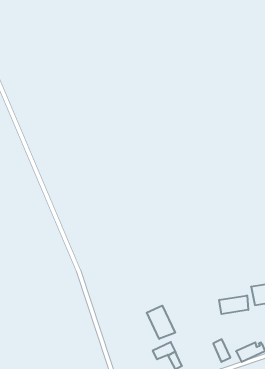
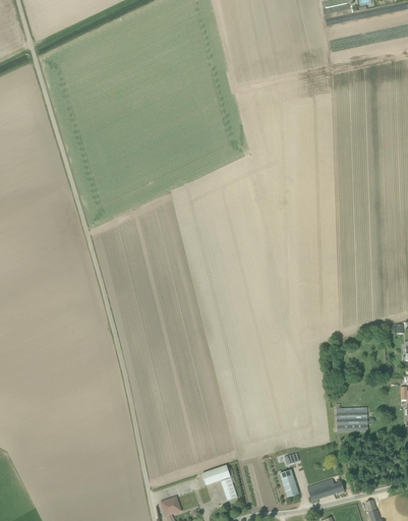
building: [219,295,248,314] -> none
building: [147,306,175,339] -> none

